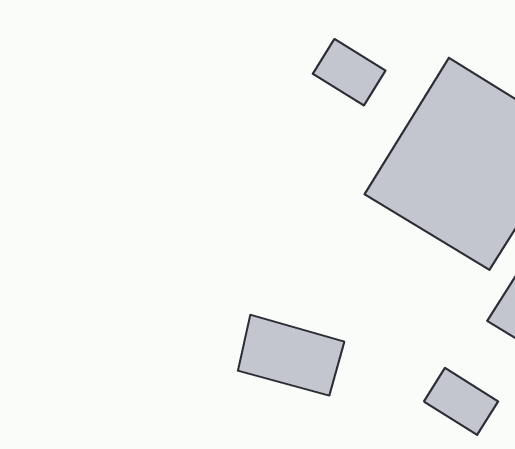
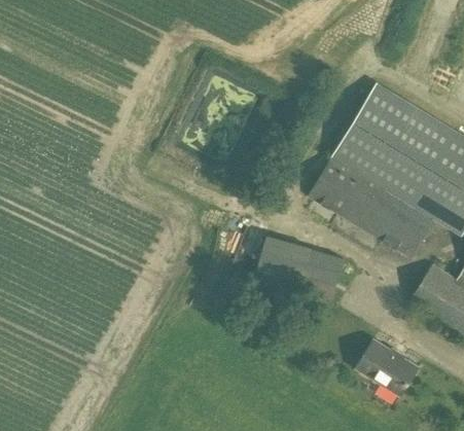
building: [313,39,385,106] -> none
building: [238,315,344,395] -> [256,235,345,301]

